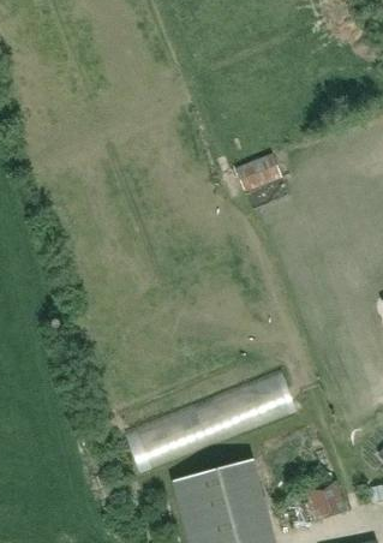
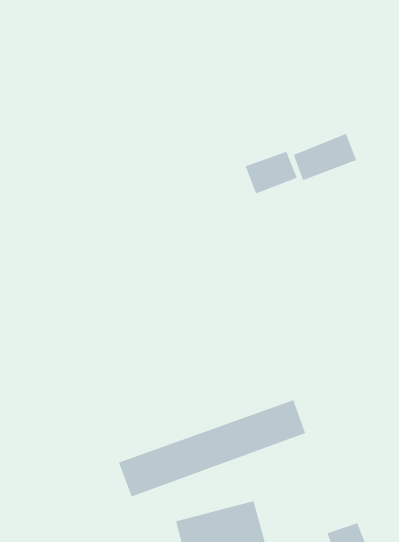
building: none -> [293,133,357,181]

